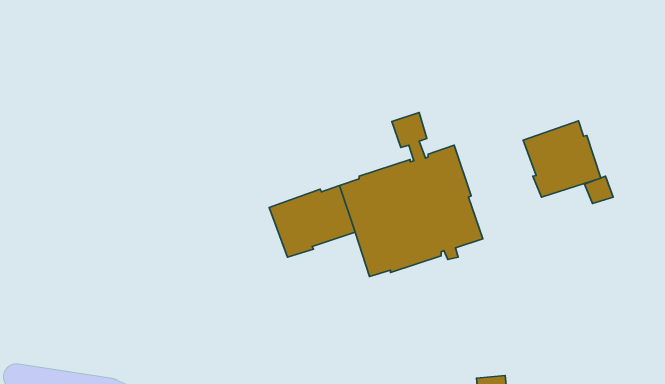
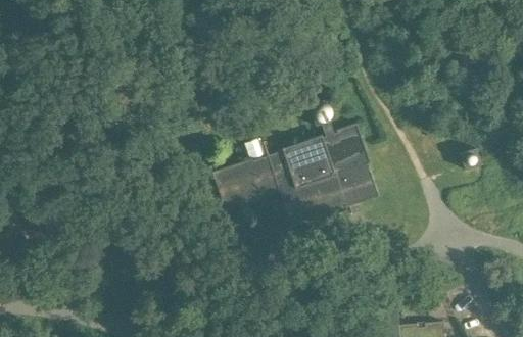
building: [523,121,601,197] -> none

